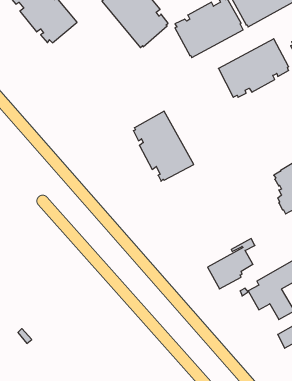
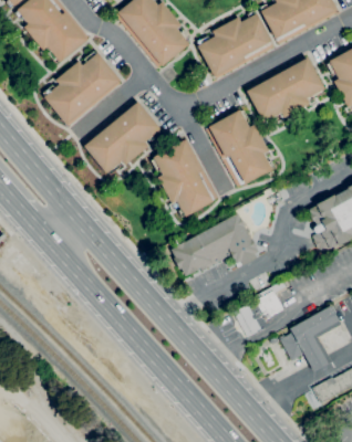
building: none -> [44,51,121,124]
building: none -> [84,102,162,175]
building: none -> [207,109,275,187]
building: none -> [172,213,259,276]

